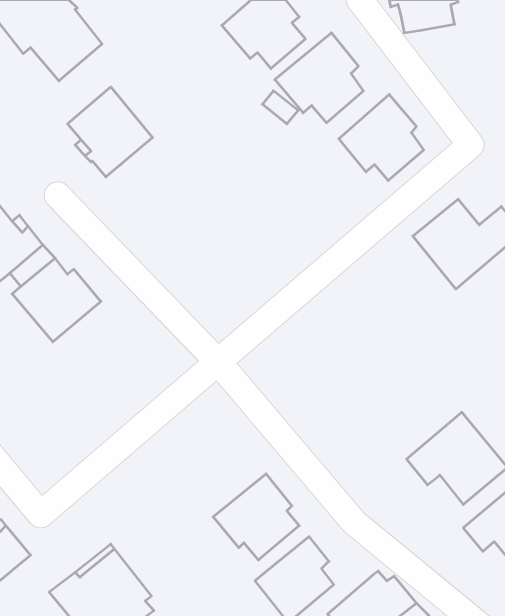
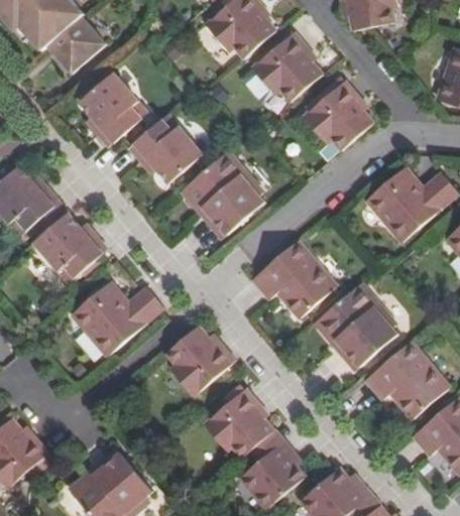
building: none -> [131,112,205,179]
building: none -> [186,146,269,236]
building: none -> [249,237,333,310]
building: none -> [310,277,395,367]
building: none -> [71,281,165,356]
building: none -> [165,326,235,395]

